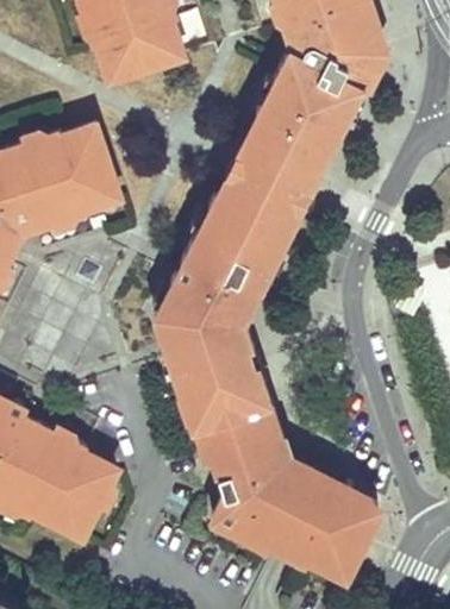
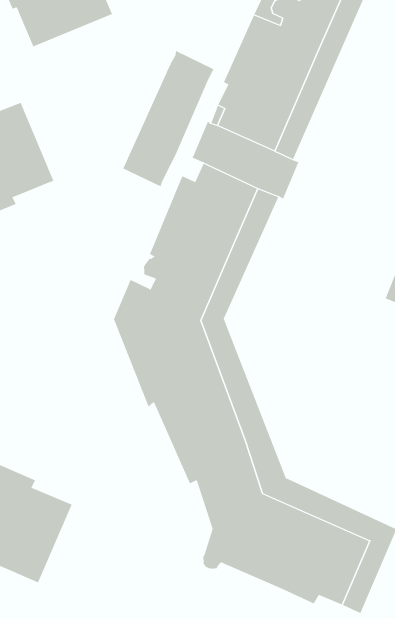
building: none -> [123,50,214,187]

